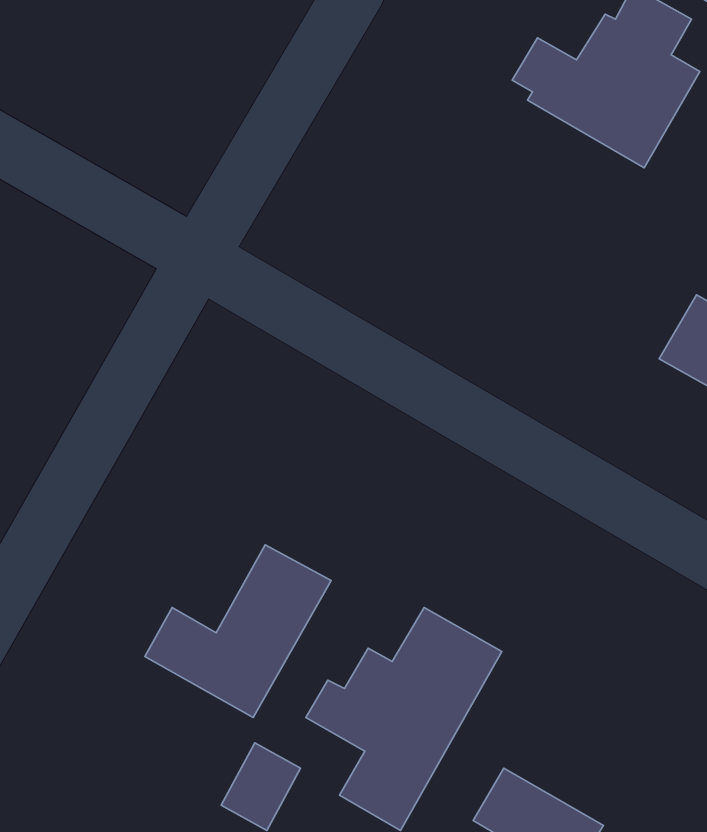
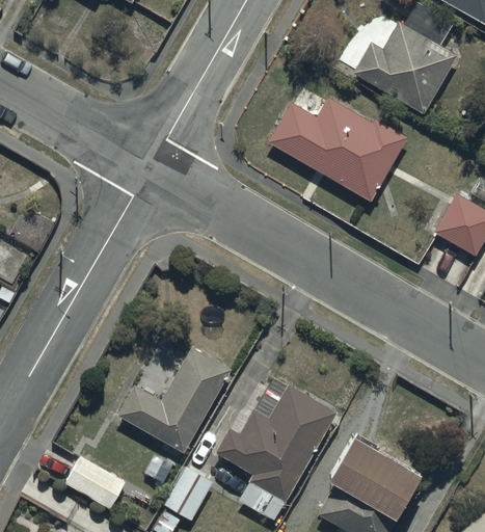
building: none -> [269,97,408,202]
building: none -> [330,430,421,511]
building: none -> [65,457,126,510]

